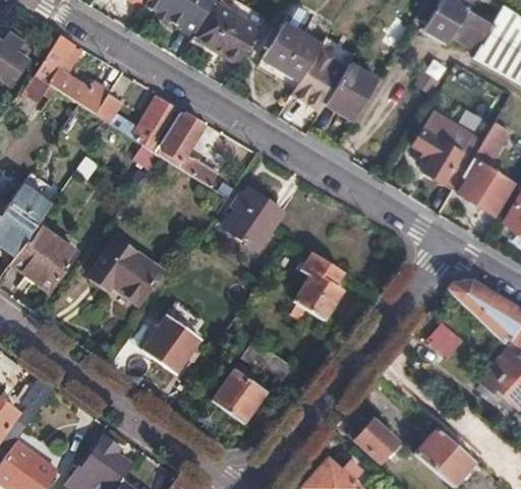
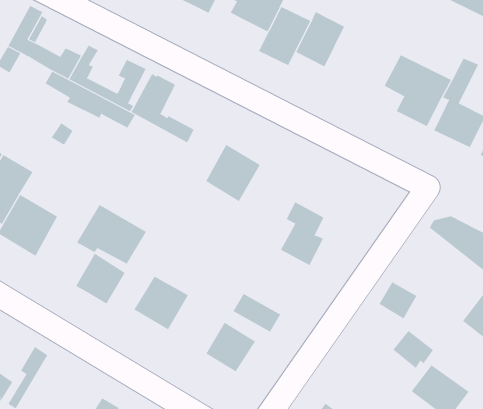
building: none -> [75,253,126,304]
building: [423,319,463,358] -> [378,282,417,319]
building: [357,421,399,461] -> [393,330,434,369]

